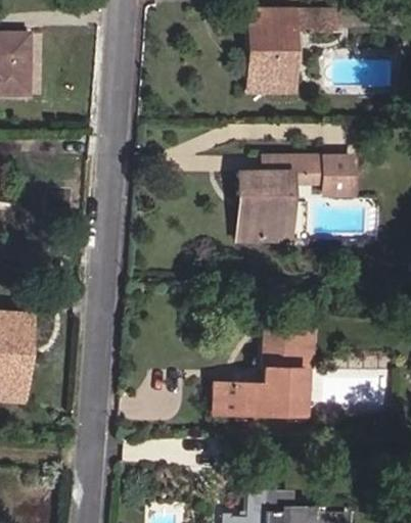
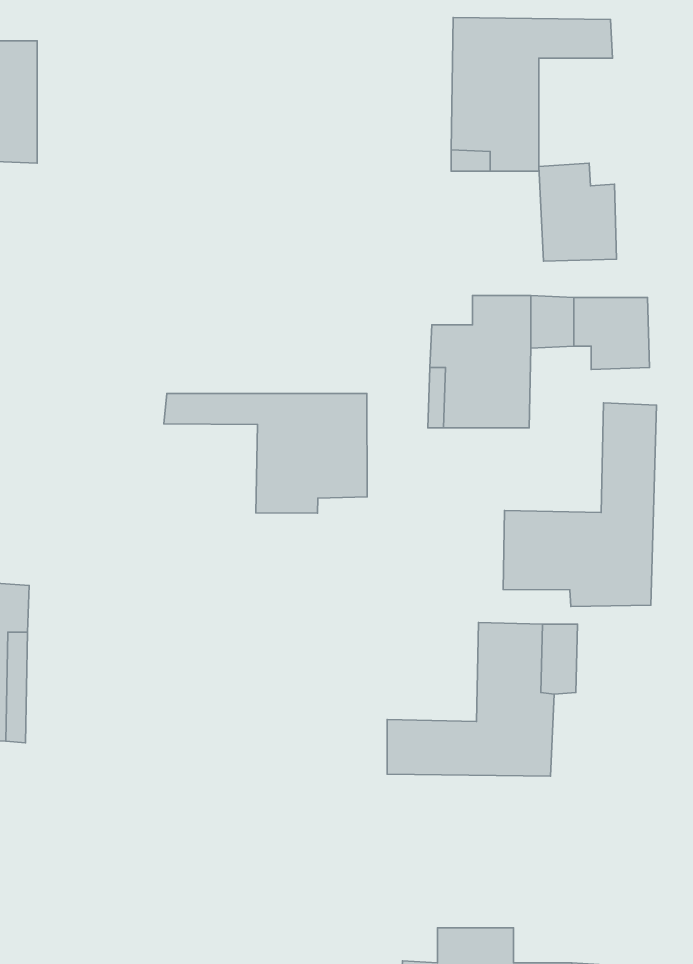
building: none -> [539,163,616,261]
building: none -> [164,393,367,513]
building: none -> [503,403,656,607]

